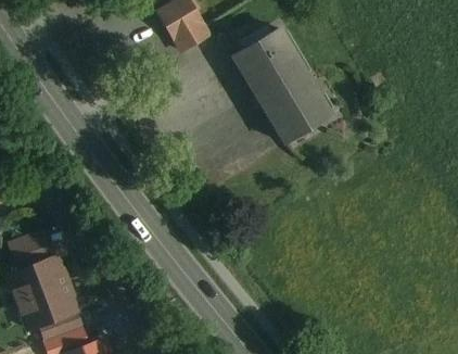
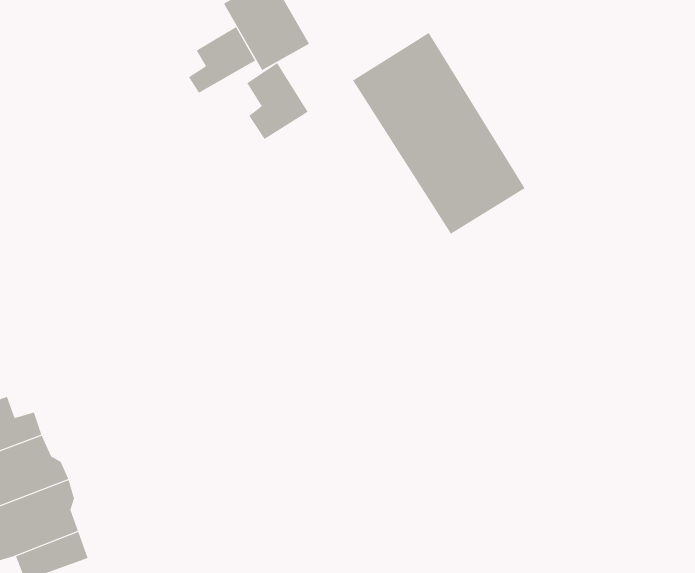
building: none -> [188,26,256,93]
building: none -> [247,62,308,140]

